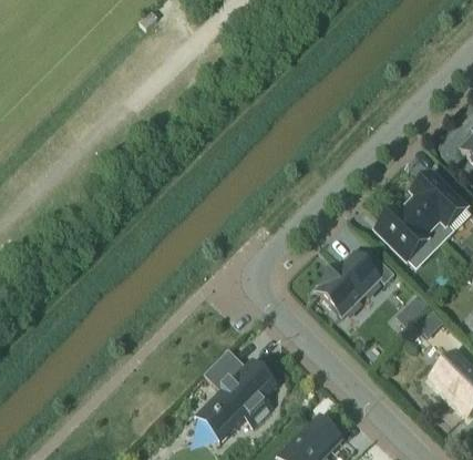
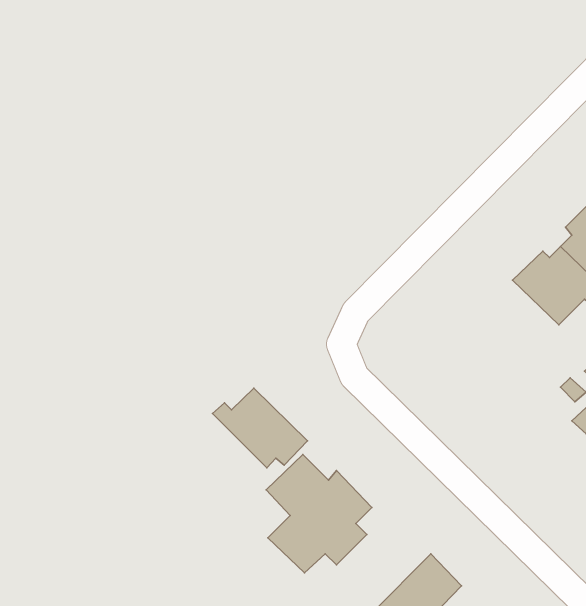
building: [316,252,394,316] -> none
building: none -> [213,388,308,468]

